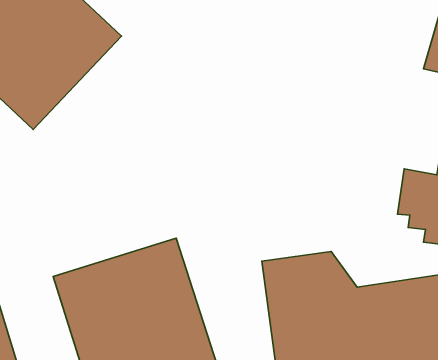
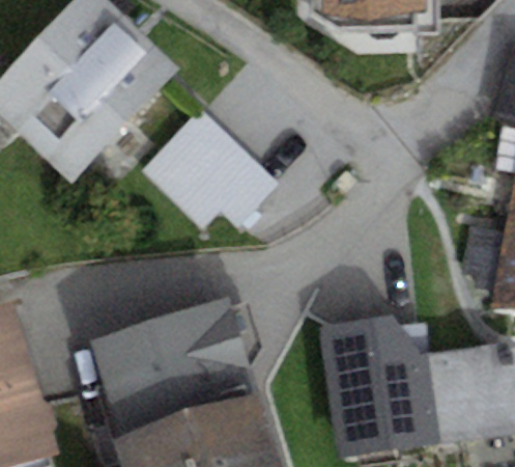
building: none -> [145,113,282,229]

